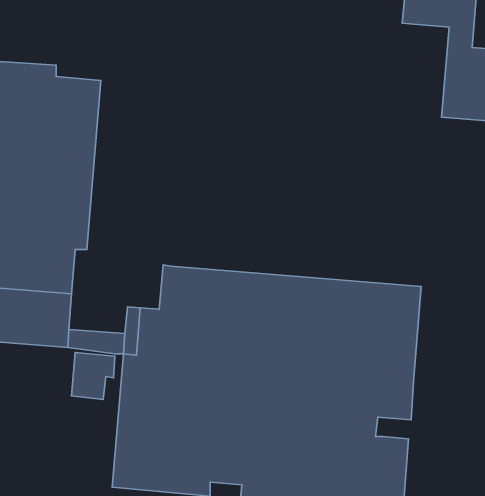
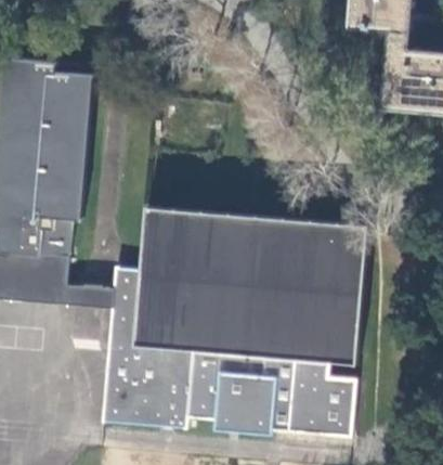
building: none -> [141,205,366,249]

